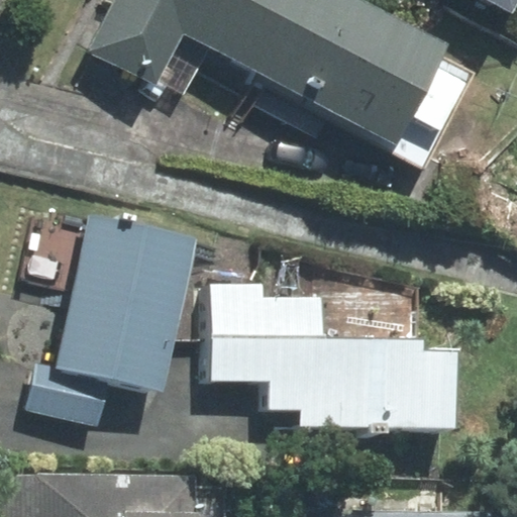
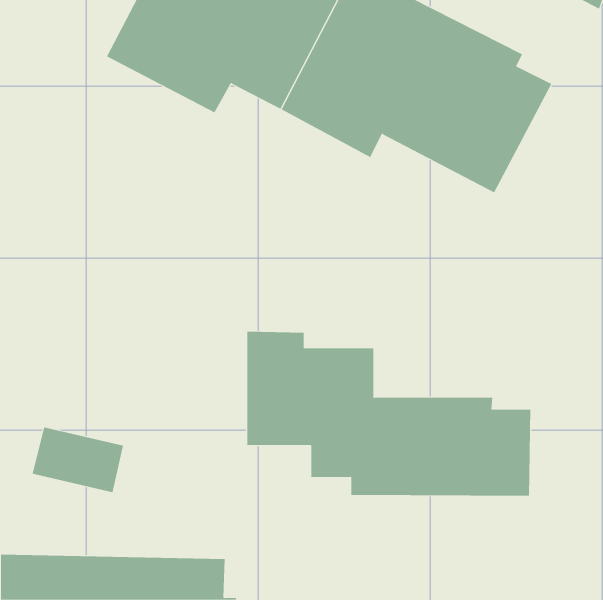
building: [59,215,195,387] -> none

